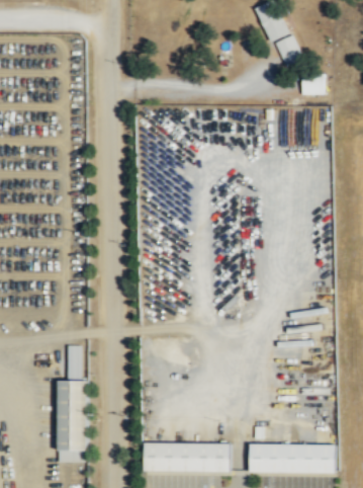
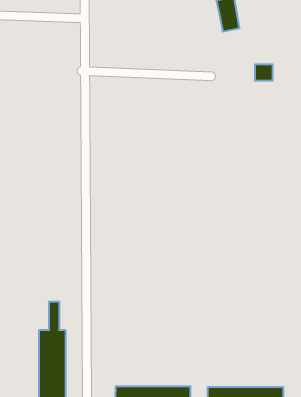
building: [275,35,302,67] -> none

